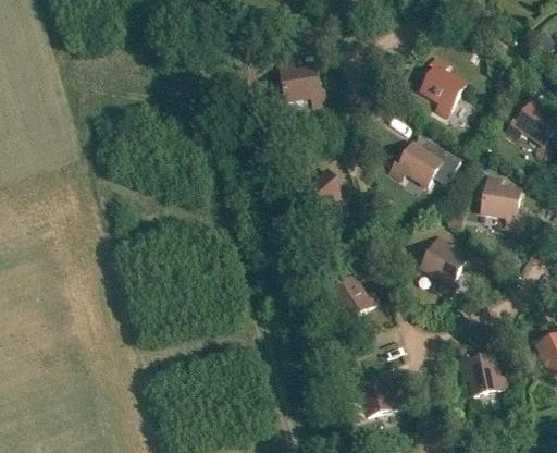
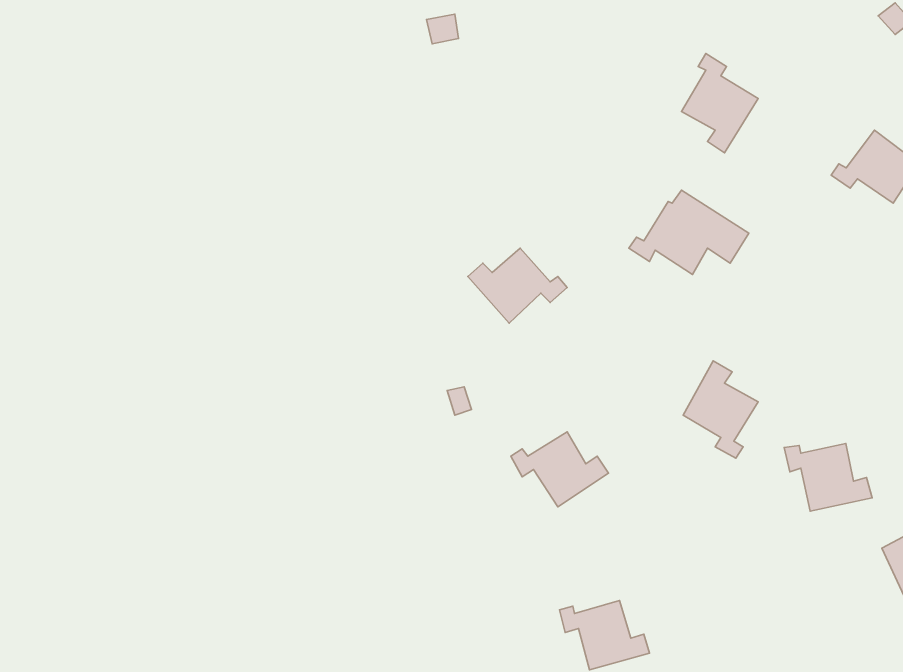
building: [280,62,325,102] -> none
building: [481,175,520,225] -> none
building: [457,355,508,394] -> [784,444,872,511]

